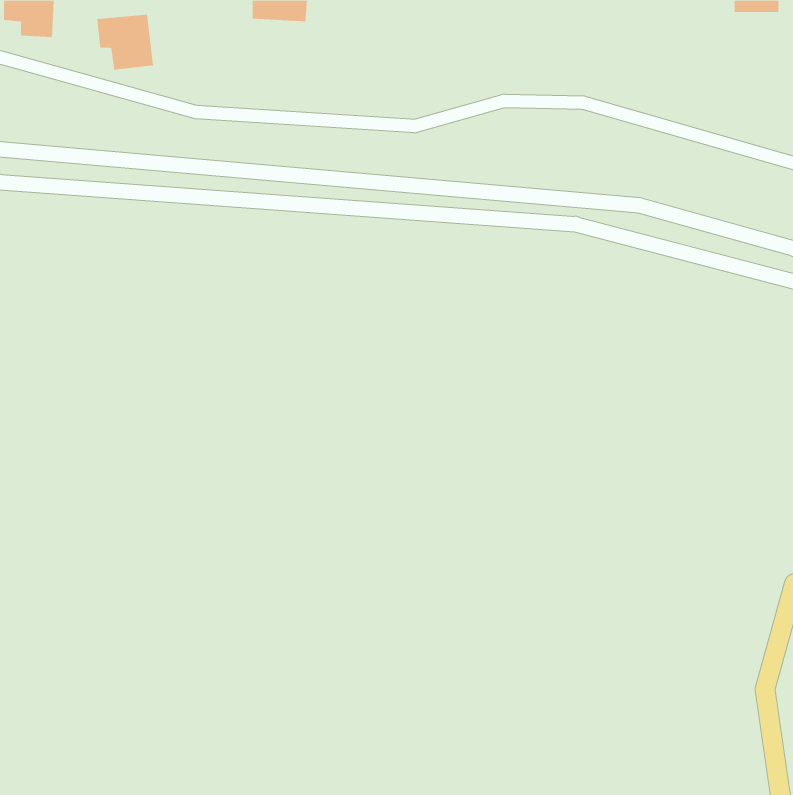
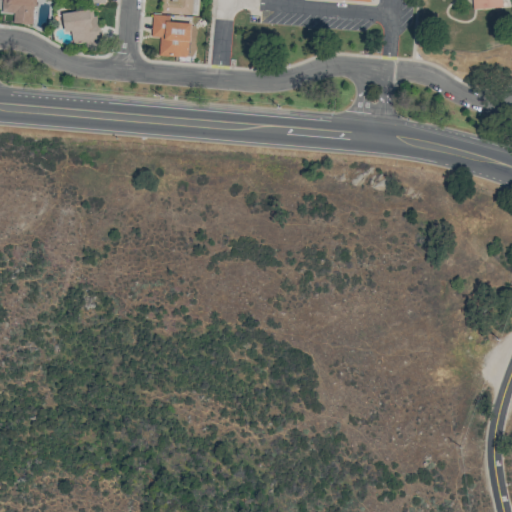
building: none -> [152,14,191,56]

